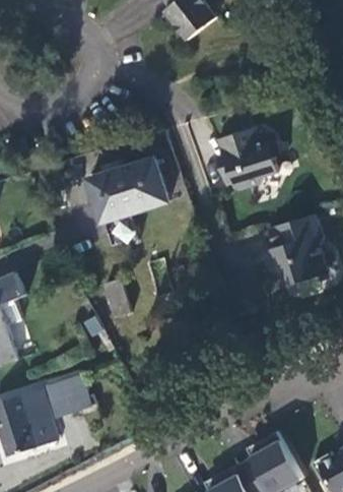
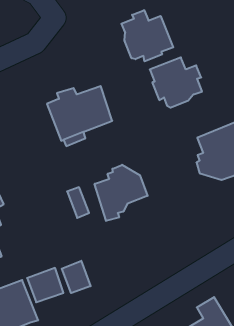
building: none -> [121,10,173,61]
building: none -> [95,165,148,221]
building: none -> [62,261,91,293]

